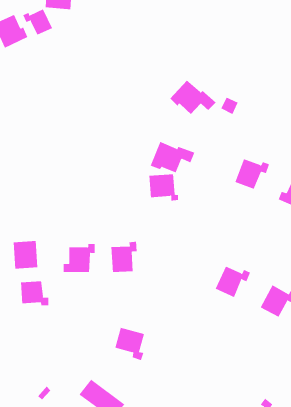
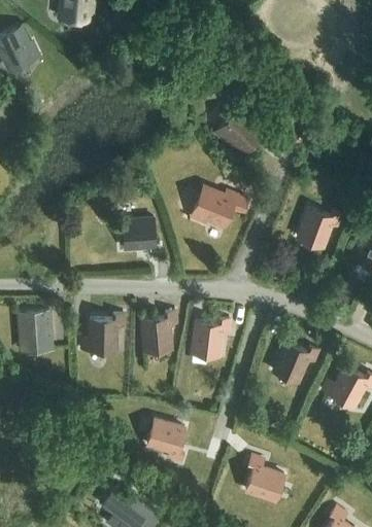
building: [22,8,53,36] -> none
building: [148,174,179,201] -> [123,220,161,254]
building: none -> [193,320,230,358]
building: [20,280,49,306] -> none
building: none -> [245,458,284,502]

